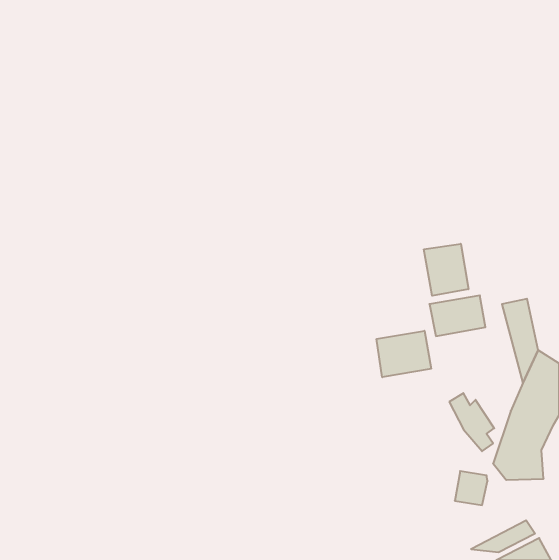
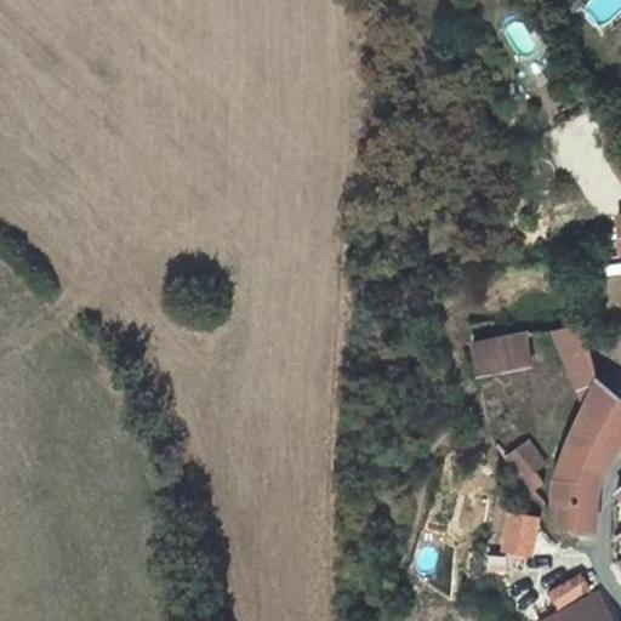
building: [424,244,468,296] -> none
building: [377,331,431,377] -> none

